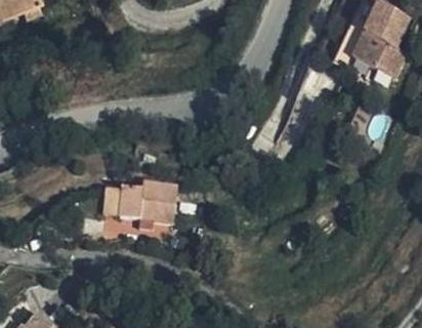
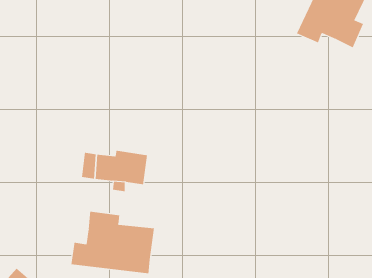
building: none -> [71,211,154,274]

